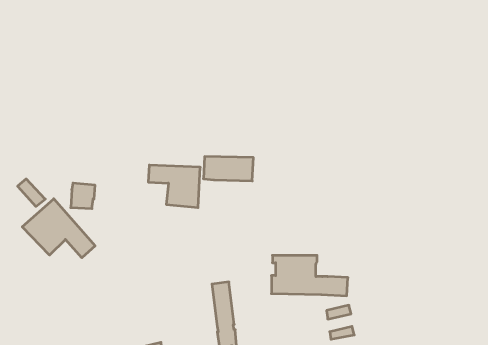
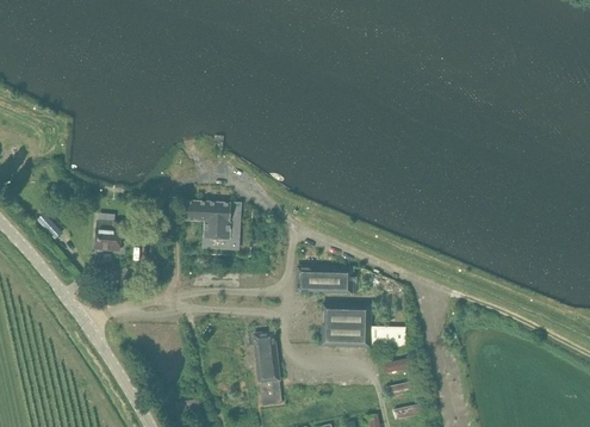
building: [203,157,253,181] -> [297,266,353,293]
building: [22,199,95,258] -> none

